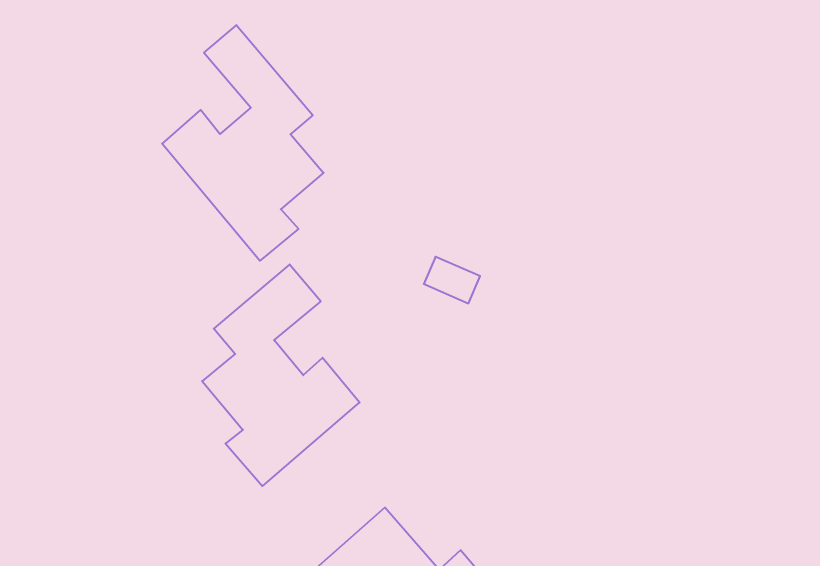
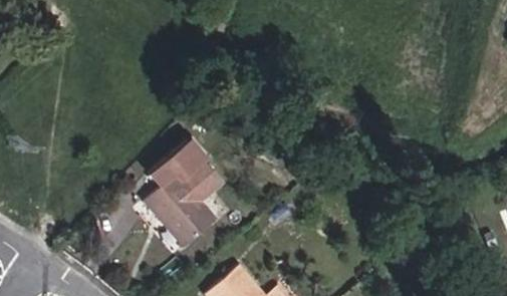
building: [162,25,324,261] -> none

